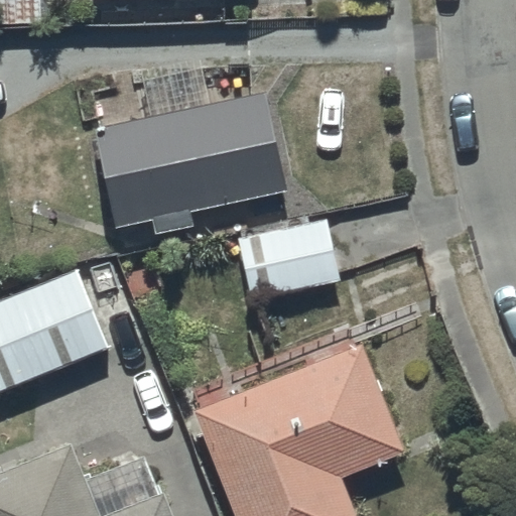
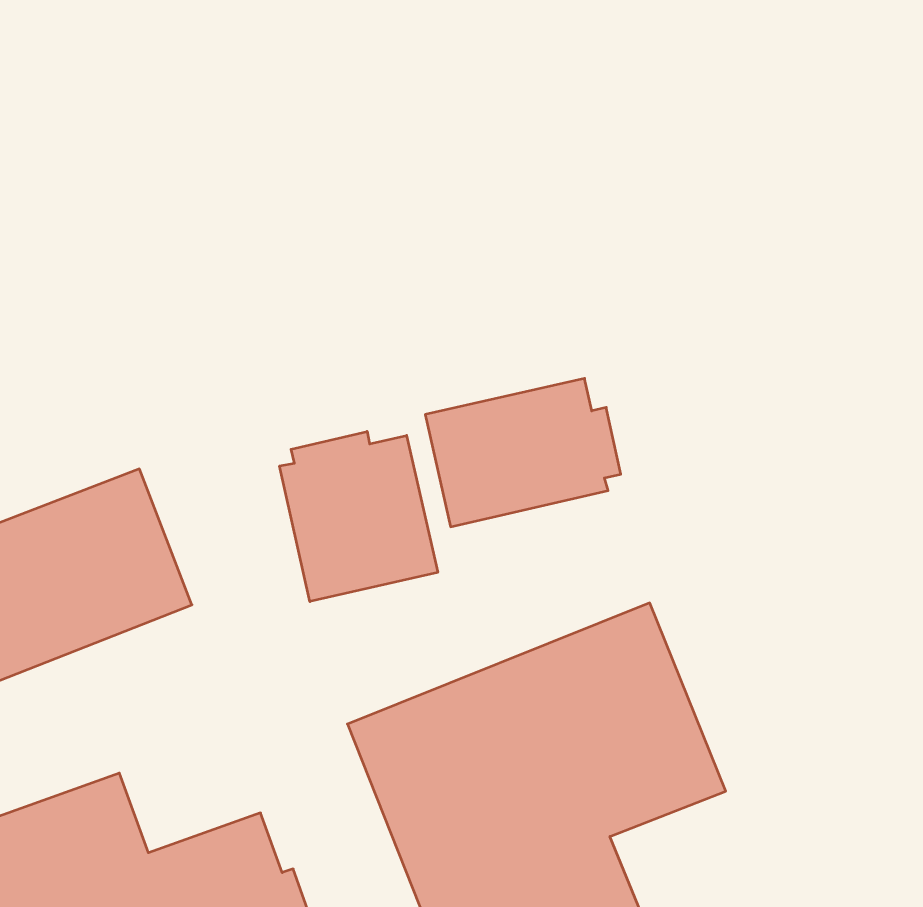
building: [95,58,283,234] -> none
building: none -> [280,431,438,602]

